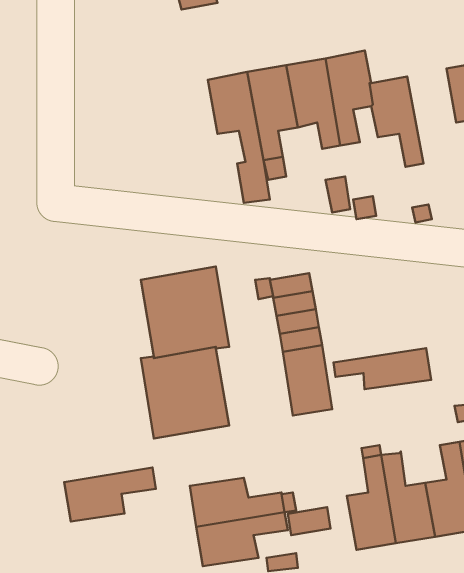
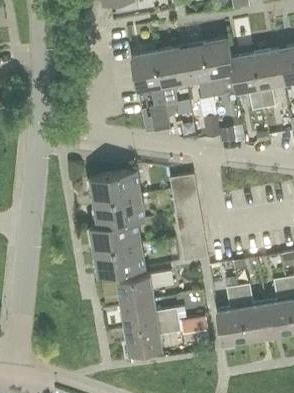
building: none -> [253,49,283,107]
building: [334,348,431,389] -> none
building: [64,468,156,522] -> [116,271,172,304]

